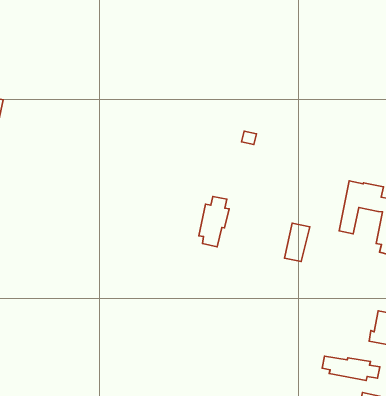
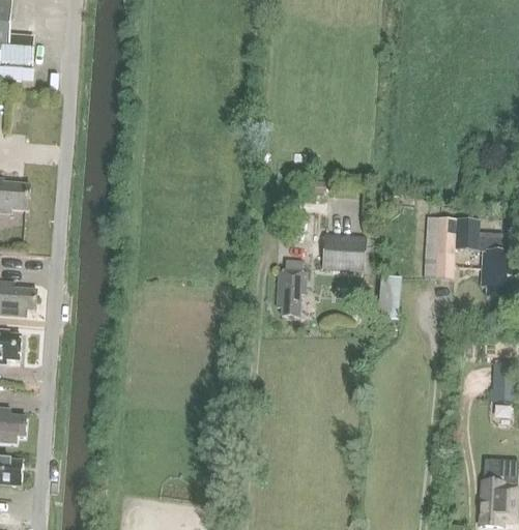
building: none -> [320,234,364,269]
building: [322,356,380,380] -> none

